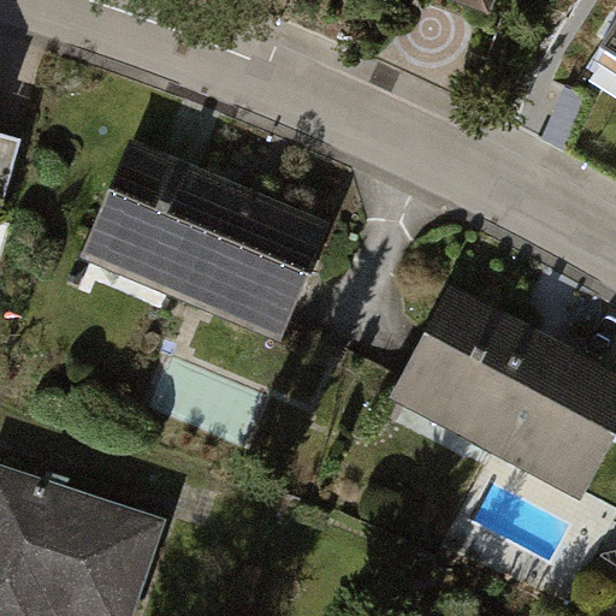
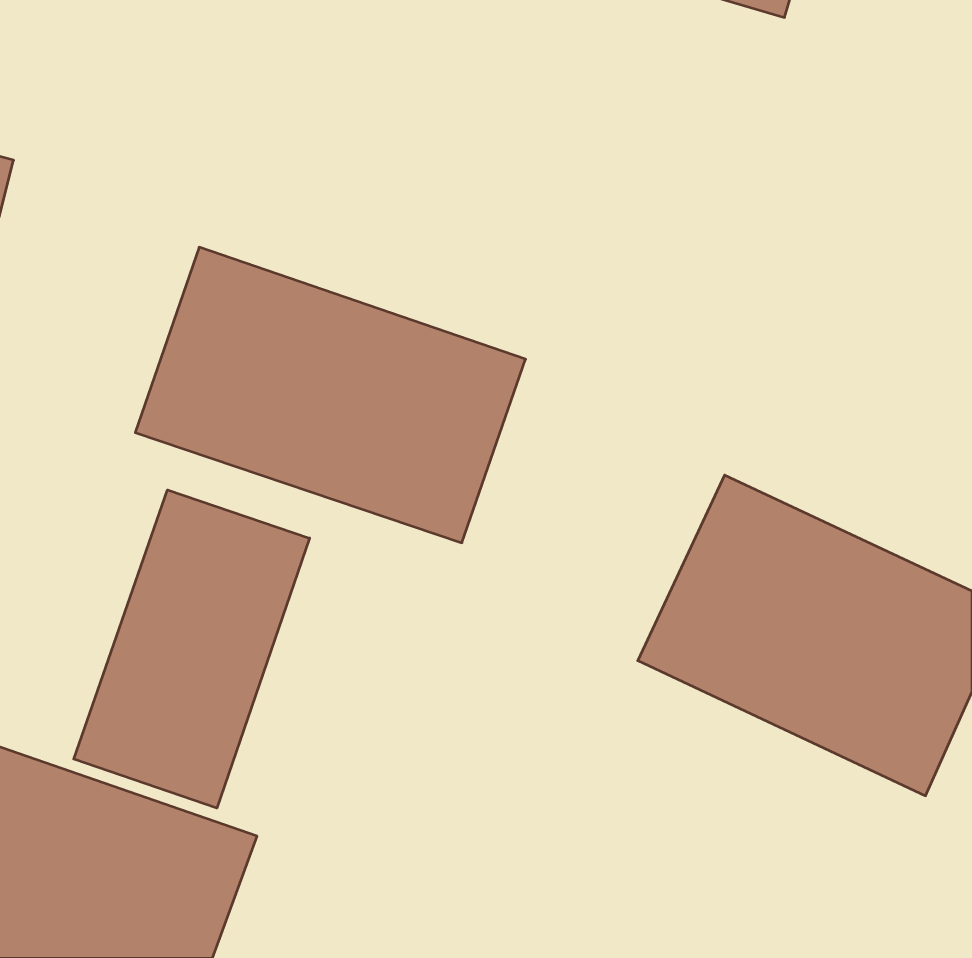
building: none -> [74,490,310,808]

